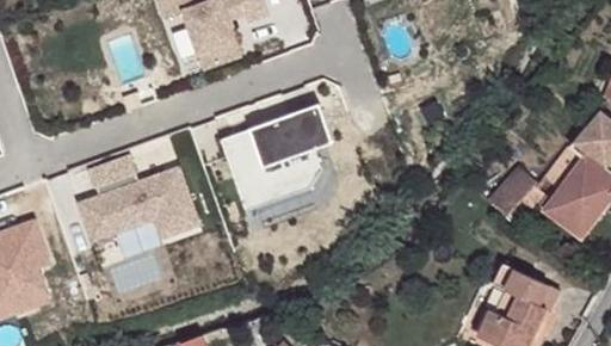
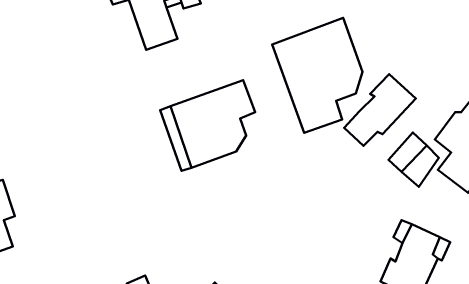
building: none -> [272,18,363,133]
building: none -> [344,74,416,146]
building: [78,153,197,240] -> none

